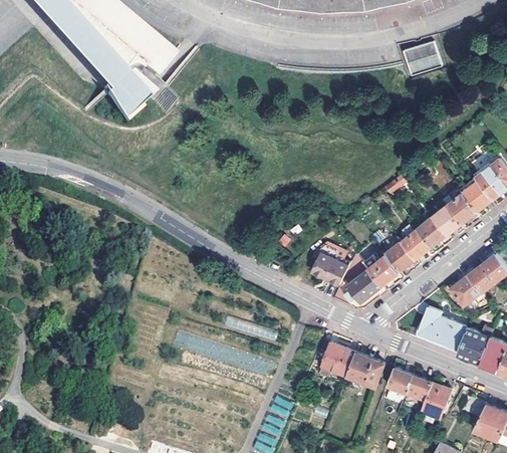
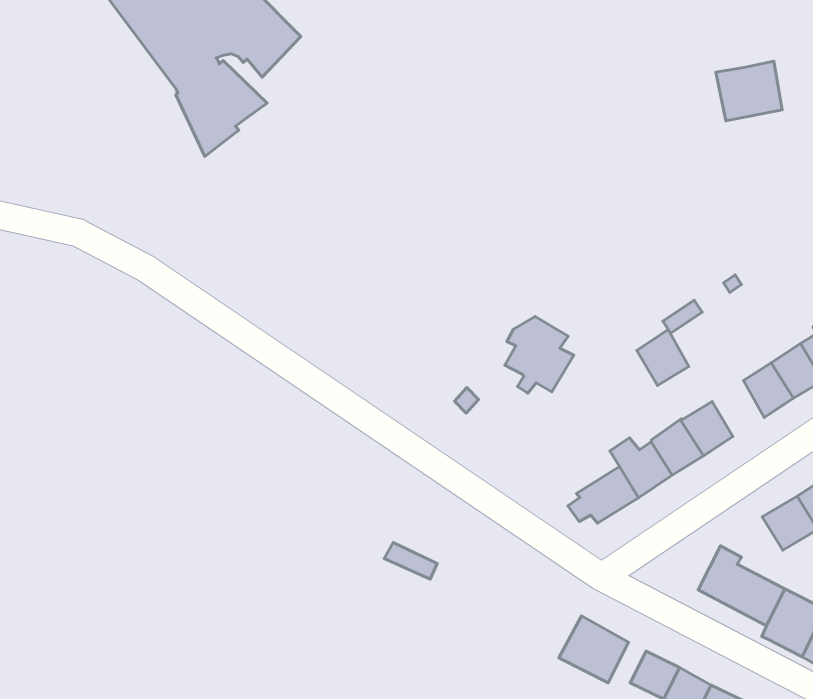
building: [417,215,446,246] -> [637,330,689,386]
building: [313,243,350,285] -> [505,316,574,393]
building: [319,342,356,377] -> none

